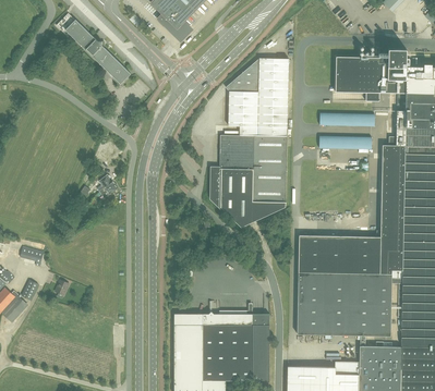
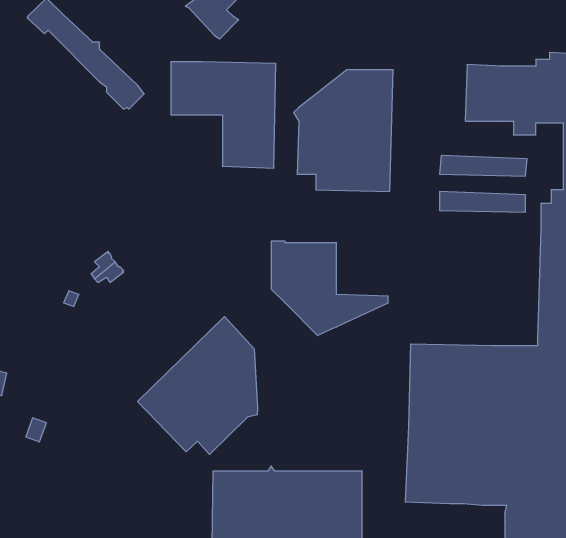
building: [219,135,286,203] -> [171,62,276,168]
building: none -> [138,317,257,454]

